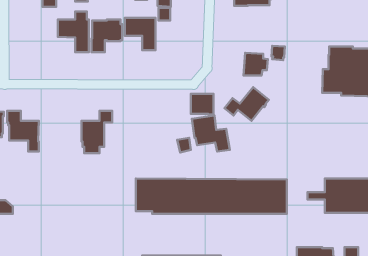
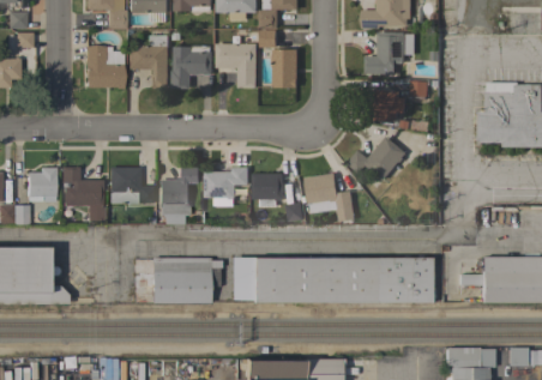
building: none -> [367,32,416,77]
building: none -> [85,47,124,89]
building: none -> [273,49,300,88]
building: [191,94,213,115] -> [254,173,284,200]
building: none -> [109,167,153,204]
building: none -> [206,167,249,207]
building: none -> [134,258,221,303]

